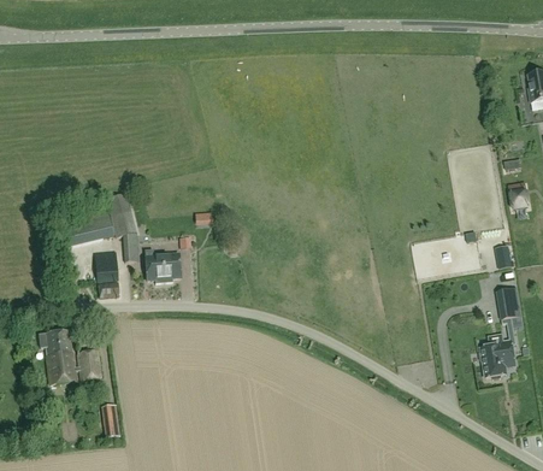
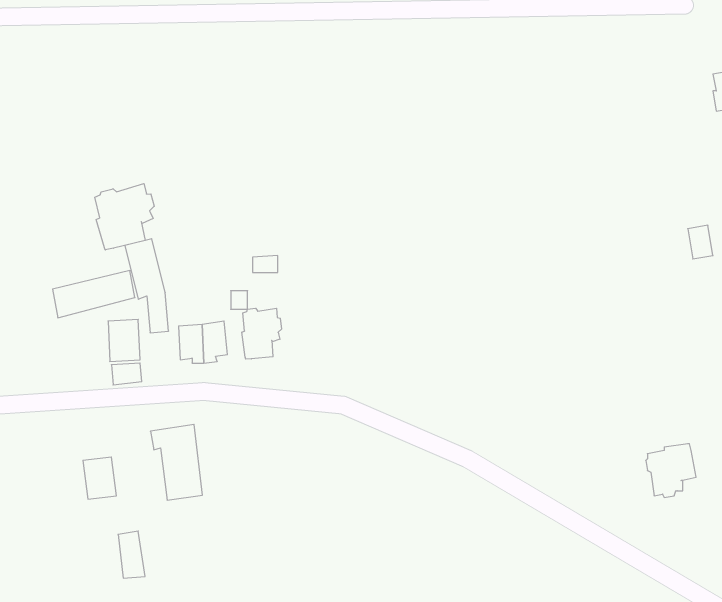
building: none -> [95,184,154,250]
building: none -> [242,308,282,359]
building: [496,287,521,345] -> none
building: [37,329,75,383] -> [150,424,202,500]

